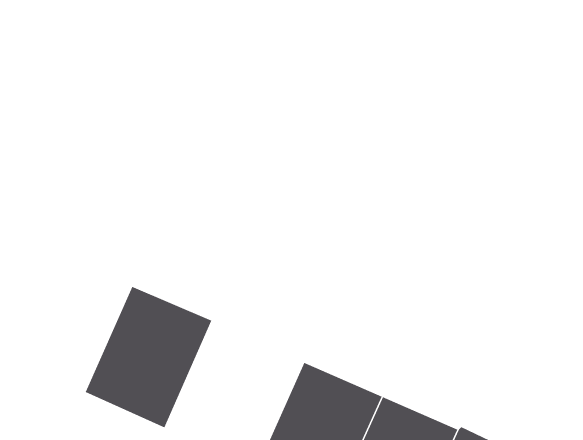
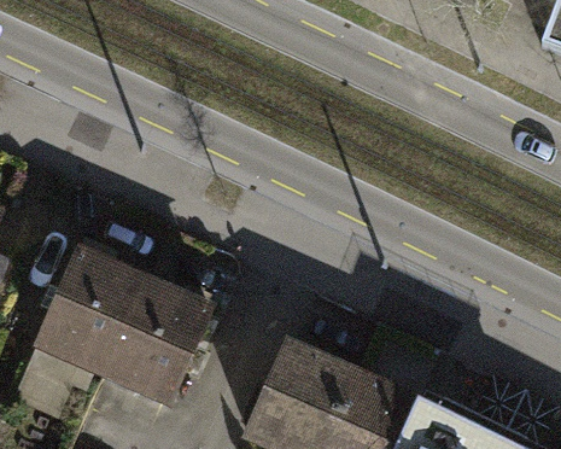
building: none -> [35,253,141,373]

